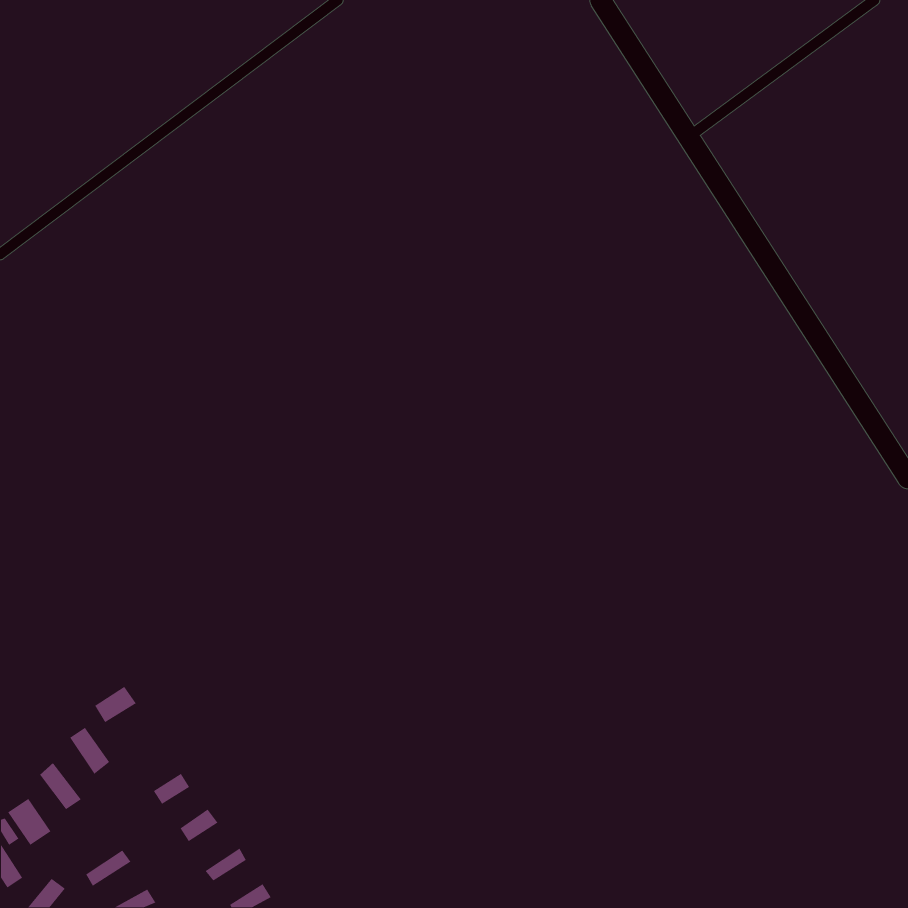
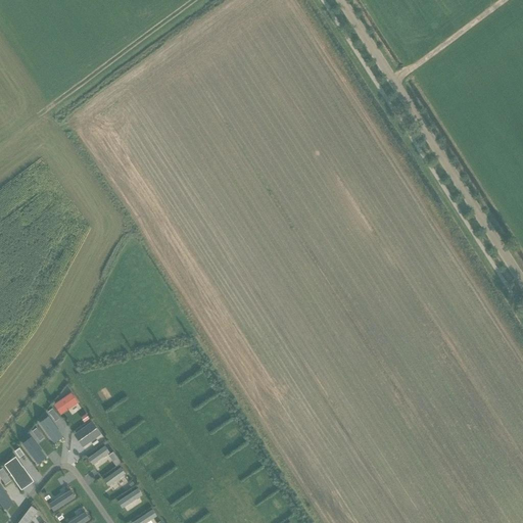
building: none -> [74,423,101,449]

